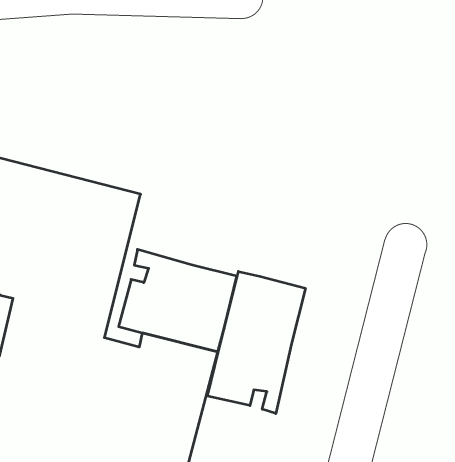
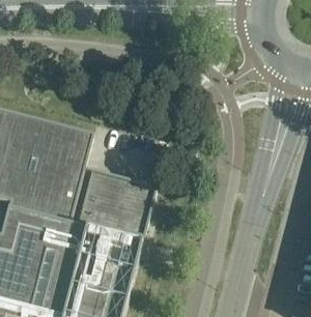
building: [208,271,305,414] -> none

